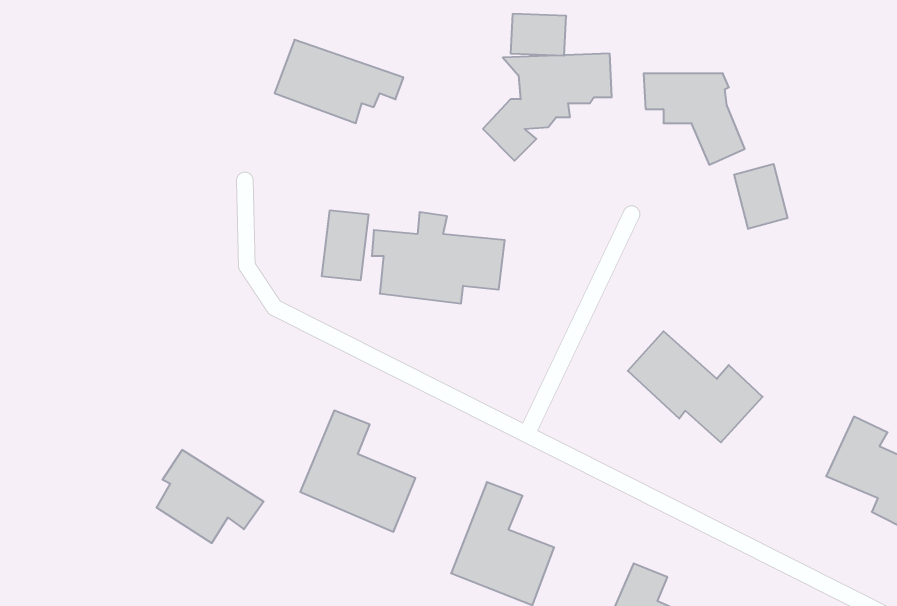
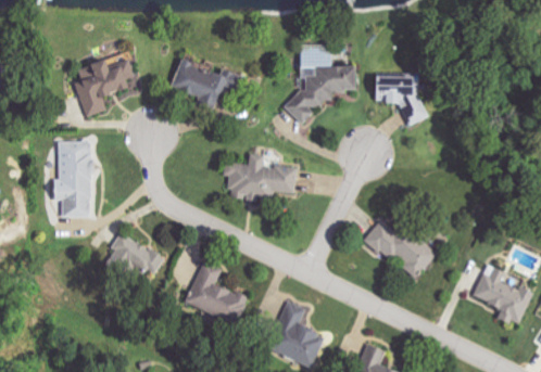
building: none -> [72,53,134,116]
building: [734,164,787,229] -> none
building: none -> [53,140,92,217]
building: [322,210,368,280] -> none
building: [156,450,264,543] -> [106,231,165,282]

